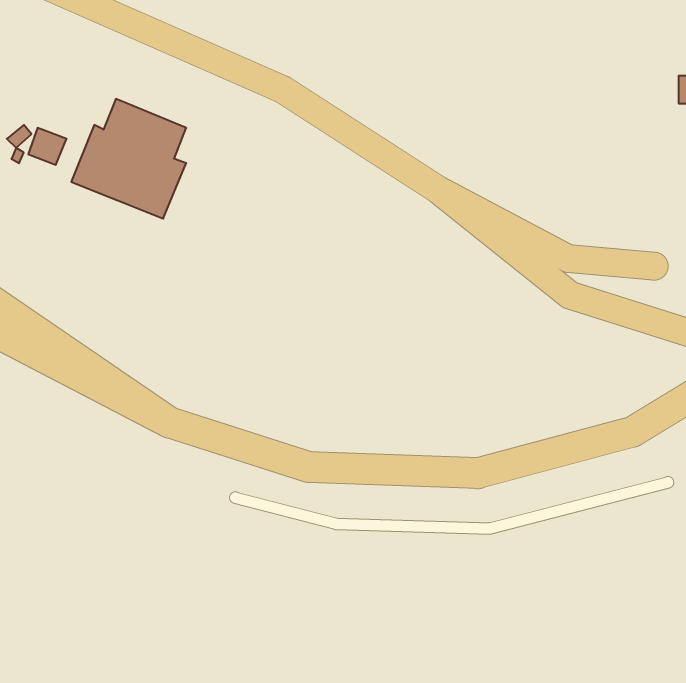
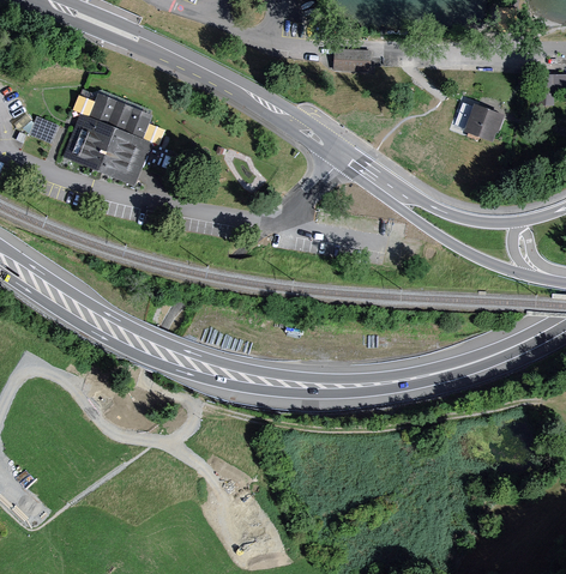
building: none -> [332,47,371,71]
building: none -> [462,101,513,140]

